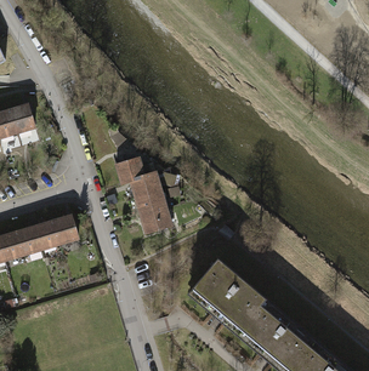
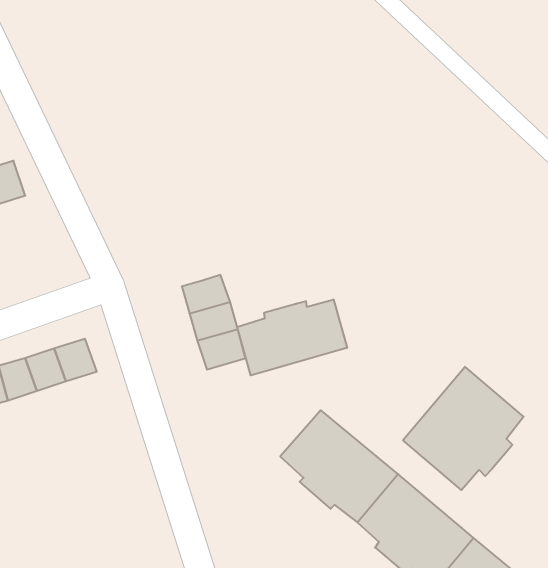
building: [114,155,144,184] -> none
building: none -> [237,299,347,375]
building: none -> [403,367,524,490]

